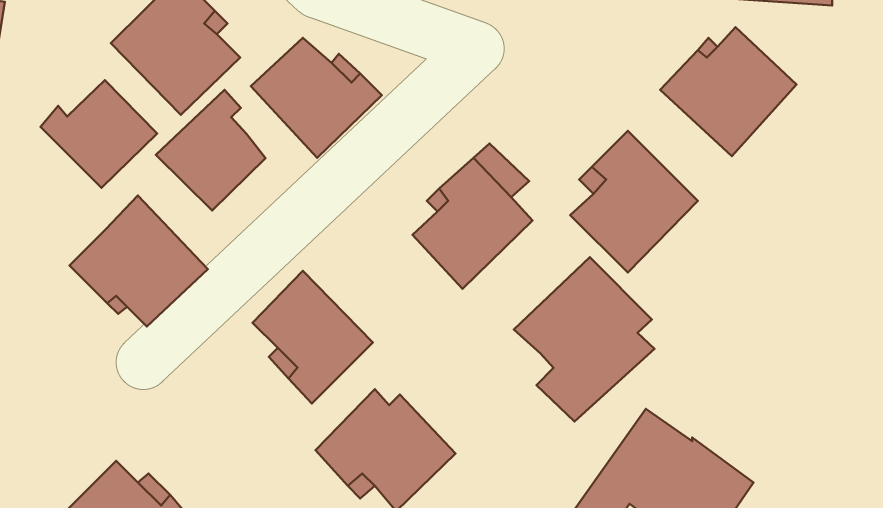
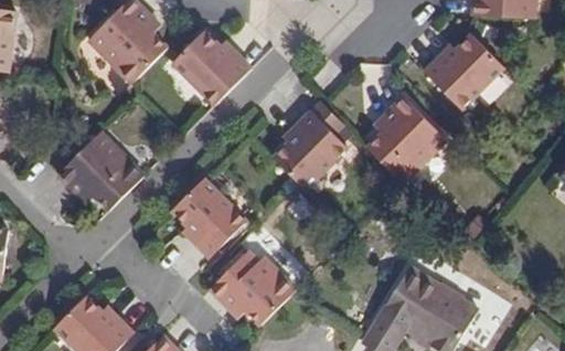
building: [40,80,157,188] -> none
building: [156,90,265,210] -> none
building: [514,257,655,421] -> none

